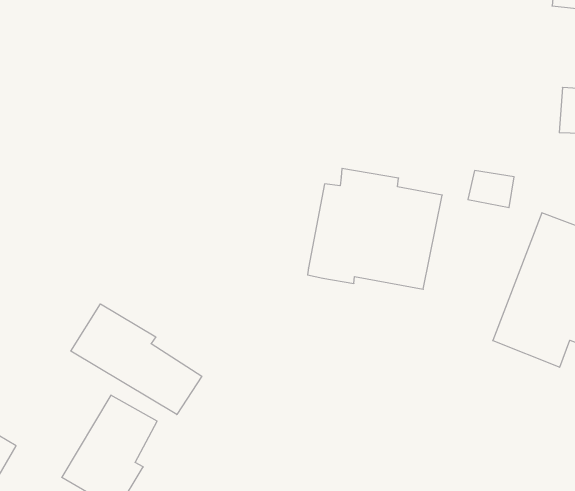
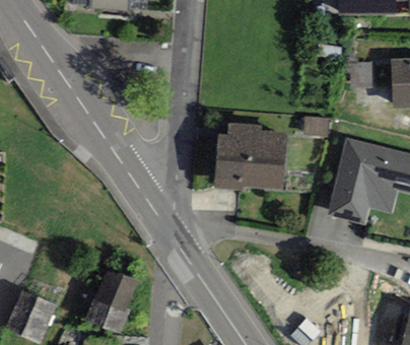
building: [71,304,202,415] -> none

